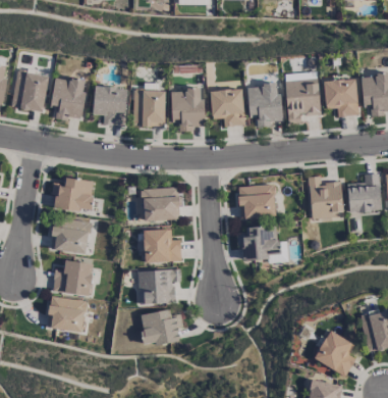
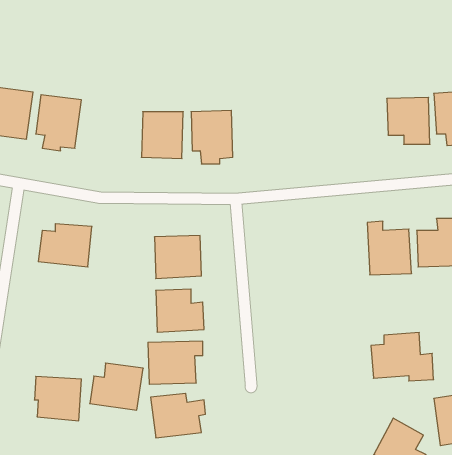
building: [286,79,321,123] -> none
building: [247,84,283,127] -> none
building: [94,86,127,126] -> none
building: [211,89,244,126] -> none
building: [239,185,276,216] -> none
building: [52,217,92,253] -> none
building: [239,225,288,262] -> [371,333,434,381]
building: [53,259,95,296] -> [90,363,143,410]

